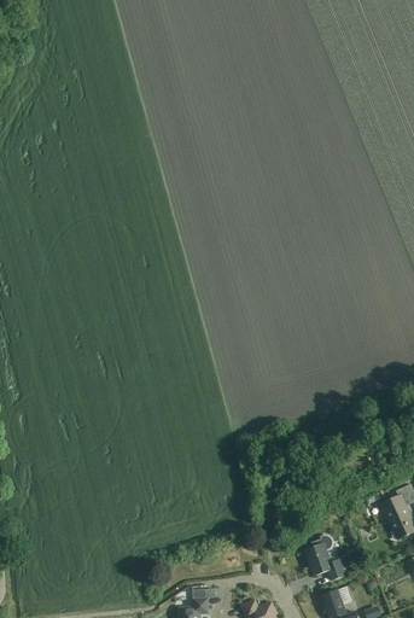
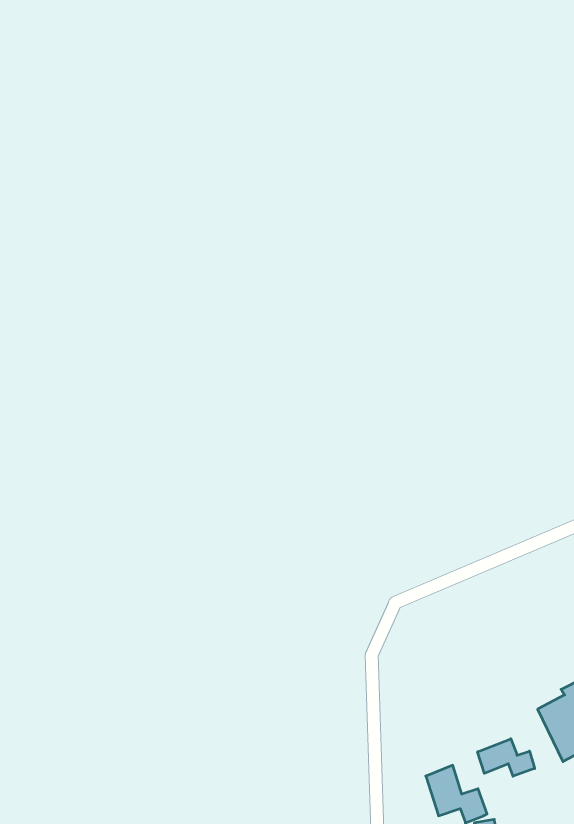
building: none -> [478,739,535,776]

